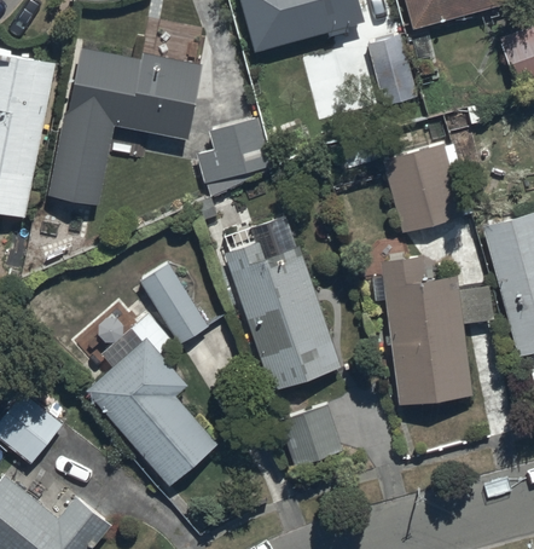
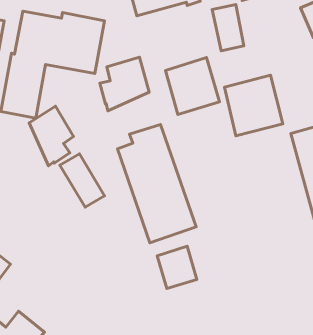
building: none -> [165,57,220,114]
building: none -> [29,106,74,166]
building: [368,258,489,406] -> none
building: [85,314,216,486] -> none

